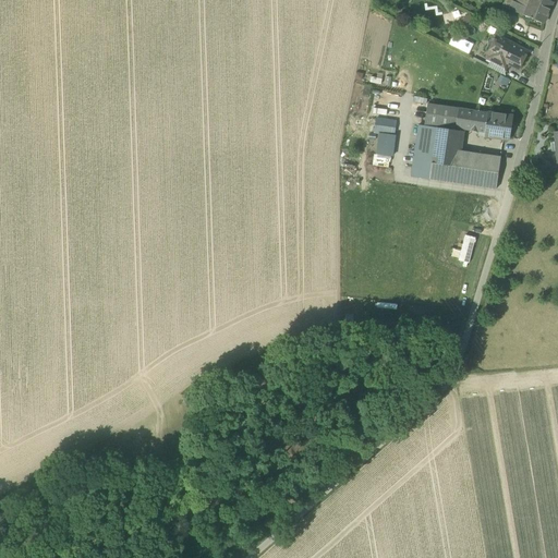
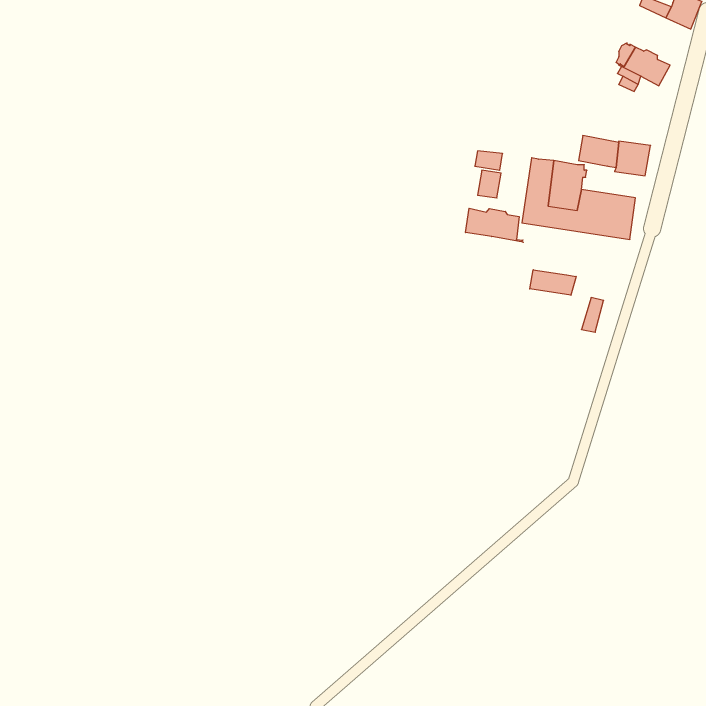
building: [425,102,460,130] -> none
building: none -> [466,208,523,242]
building: none -> [530,270,576,295]

